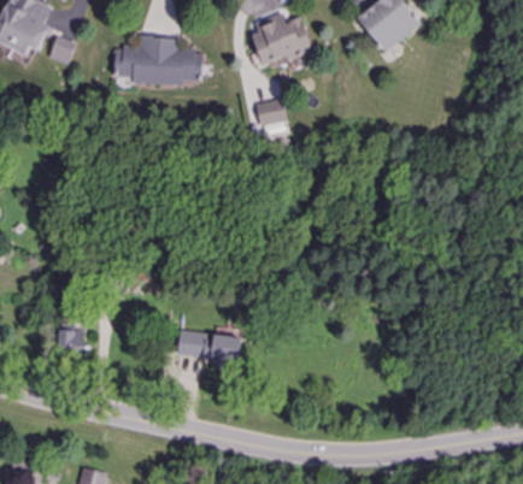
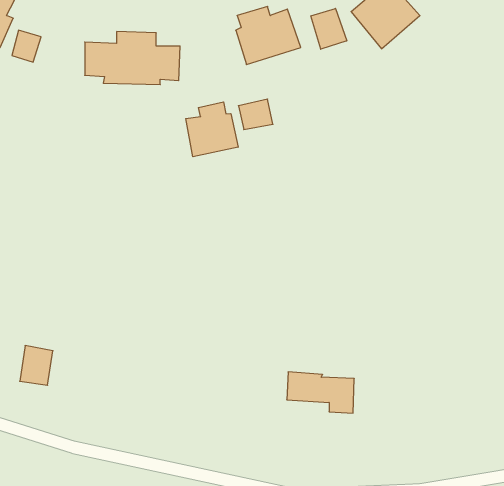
building: none -> [311,8,347,49]
building: none -> [186,102,238,157]
building: [178,330,240,367] -> [287,372,354,413]

